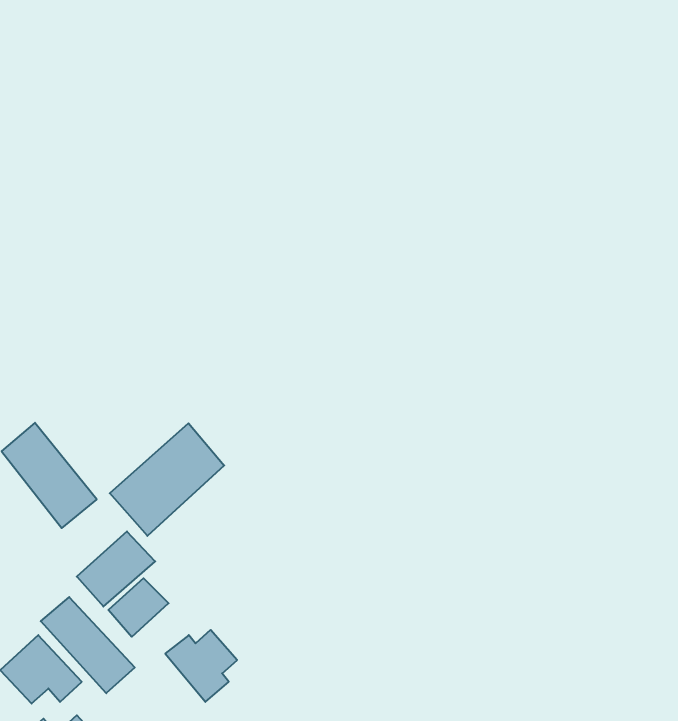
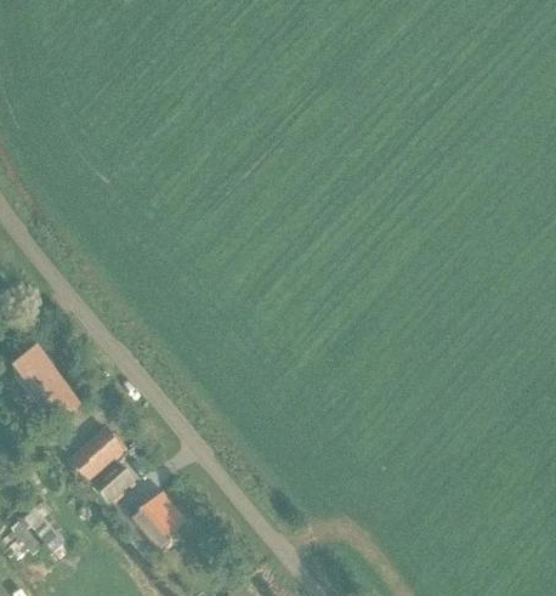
building: [110,423,224,536] -> none
building: [41,597,135,693] -> none

